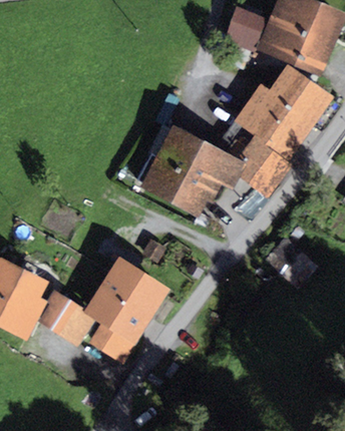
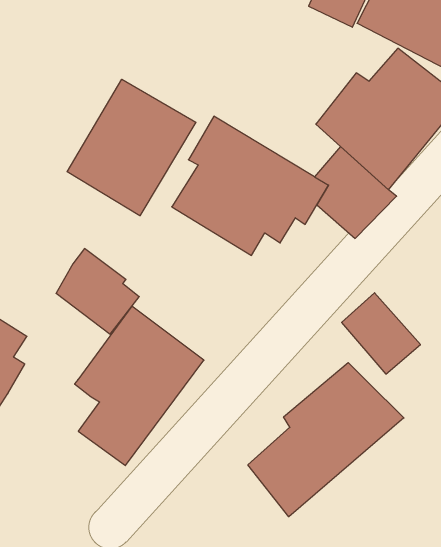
building: none -> [67,79,196,216]
building: none -> [248,363,404,517]
building: [37,289,94,346] -> [56,249,139,334]

